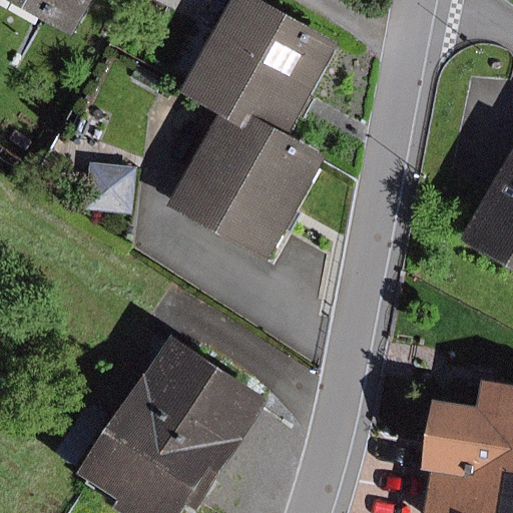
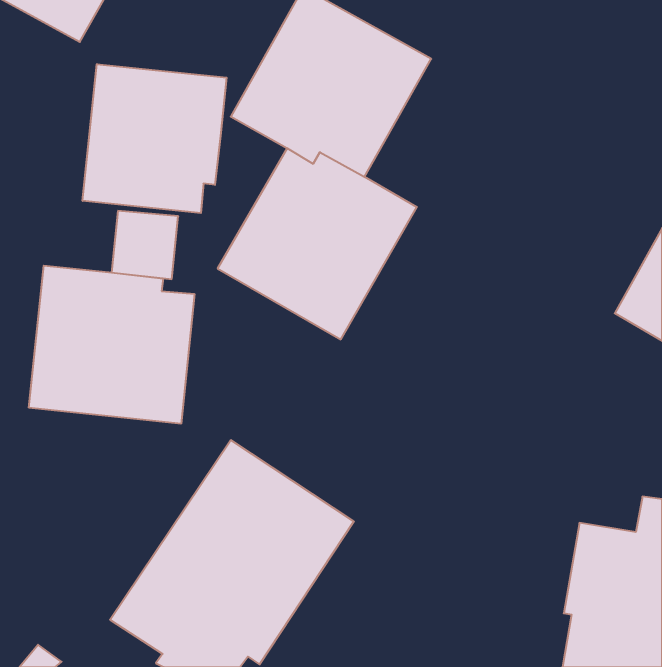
building: none -> [83,64,227,213]
building: none -> [29,266,194,424]

